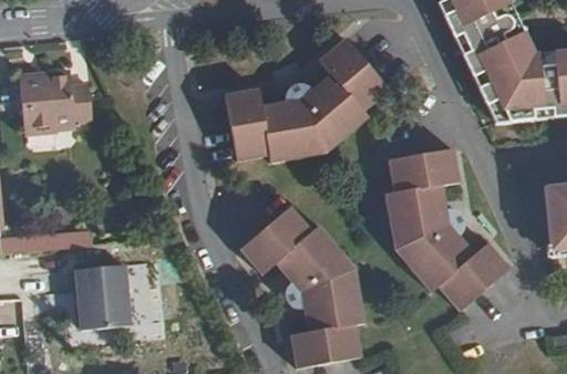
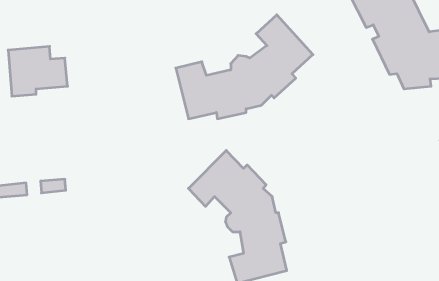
building: [389,142,514,309] -> none
building: [76,267,131,332] -> none

